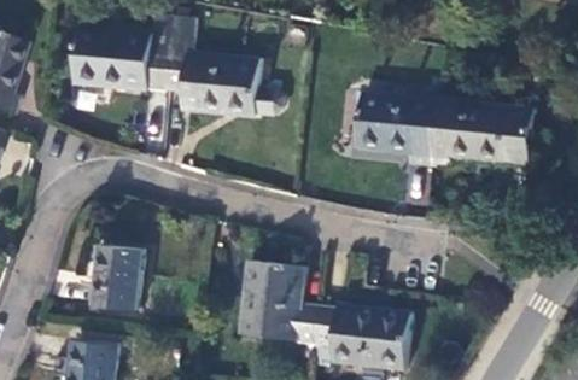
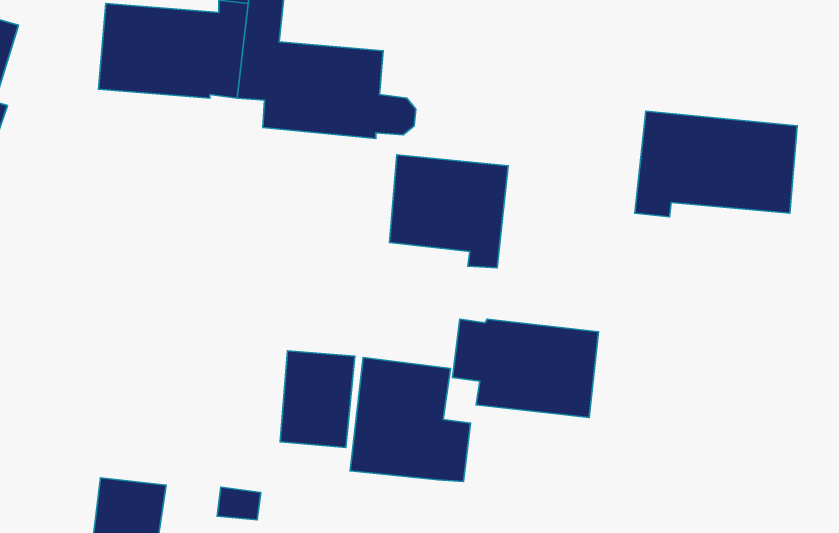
building: [356,90,434,165] -> [389,155,508,268]
building: [93,246,142,310] -> [280,351,355,447]
building: [314,304,410,369] -> [452,319,598,418]

